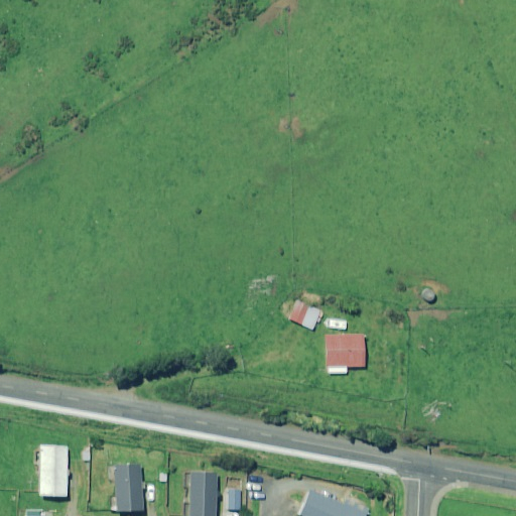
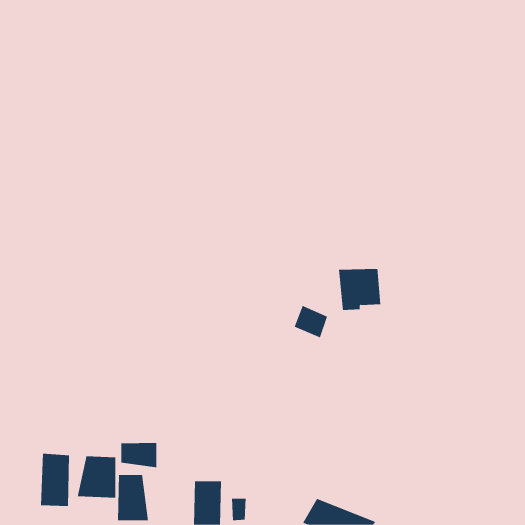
building: [325,334,367,375] -> [338,268,381,311]
building: none -> [121,442,157,468]
building: none -> [77,456,116,498]

